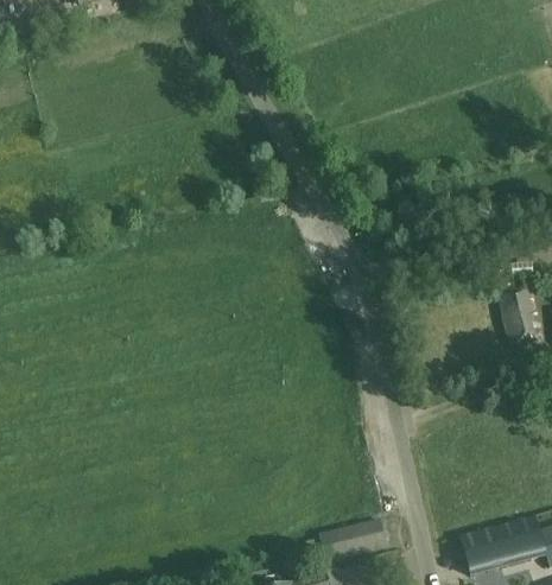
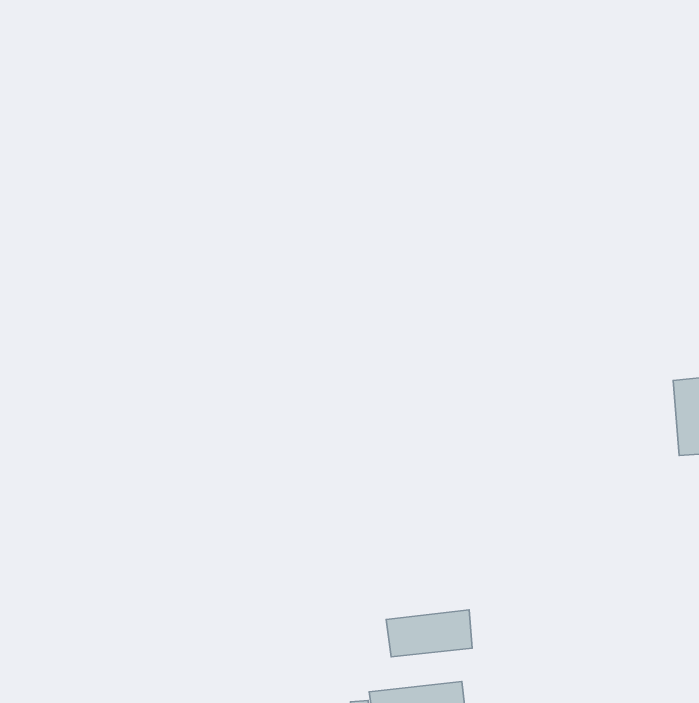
building: none -> [386,610,472,657]

